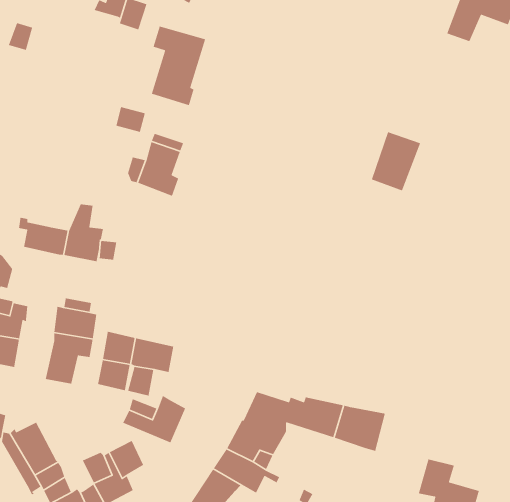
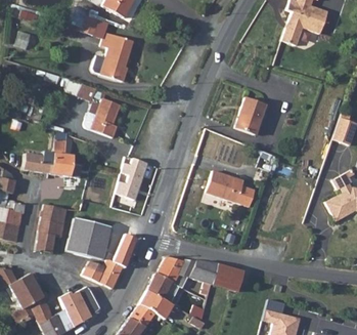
building: none -> [115,159,148,200]
building: none -> [209,171,246,203]
building: none -> [114,234,137,269]

